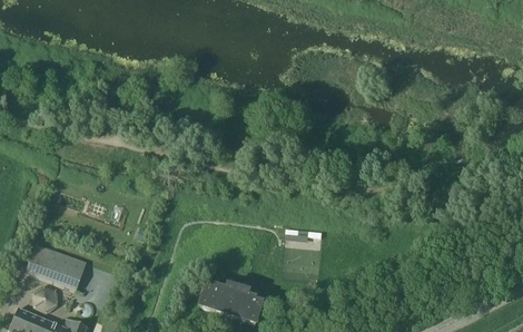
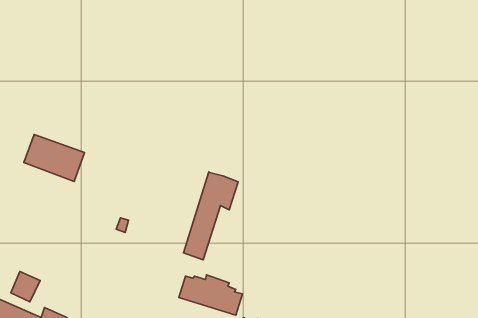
building: none -> [183,172,238,260]
building: [27,243,87,290] -> [24,134,84,181]

